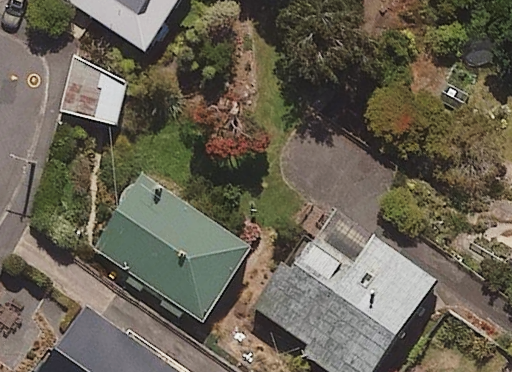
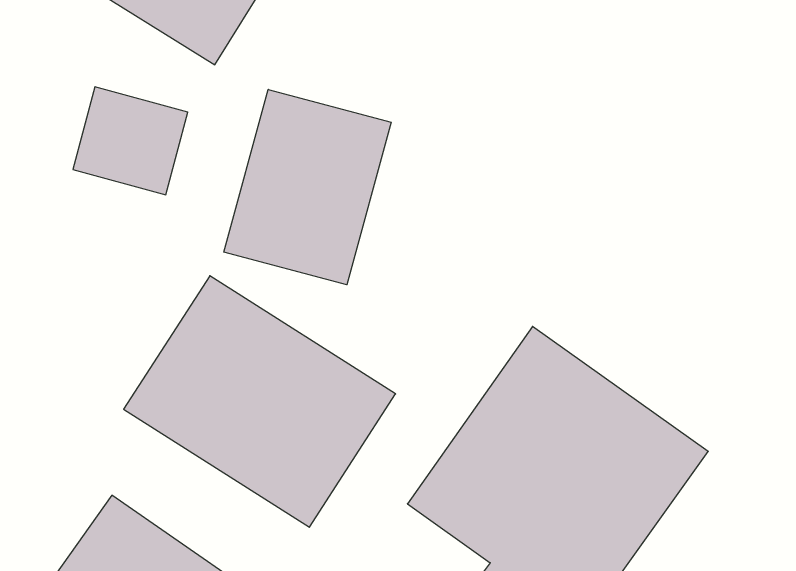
building: none -> [224,89,391,285]

